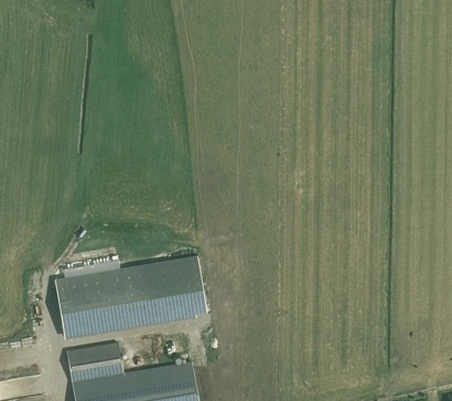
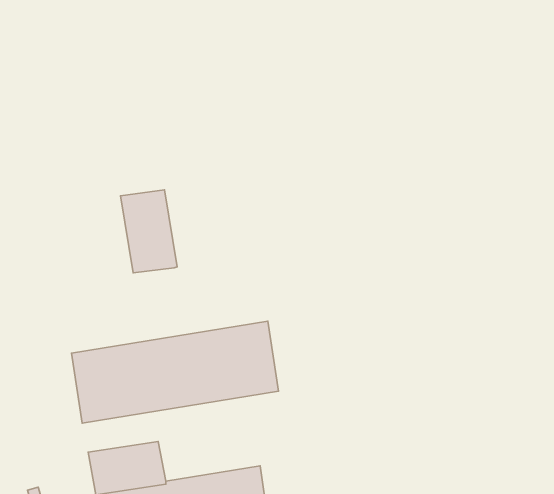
building: none -> [121,190,177,273]

